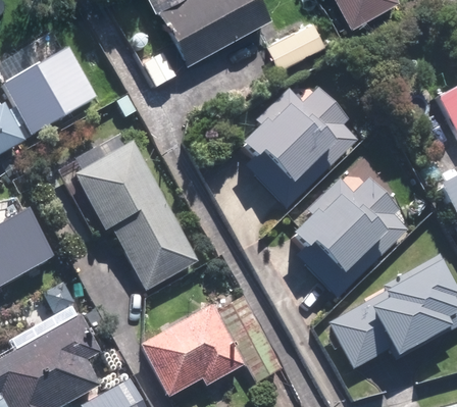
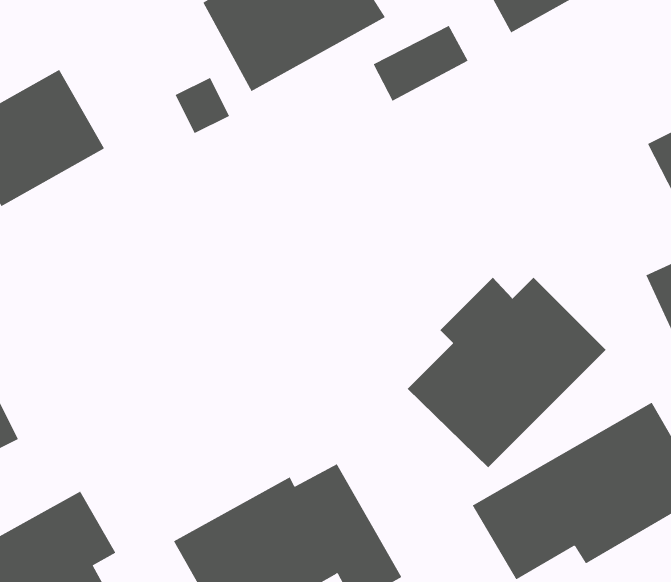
building: [242,87,362,211] -> none
building: [75,141,201,291] -> none

